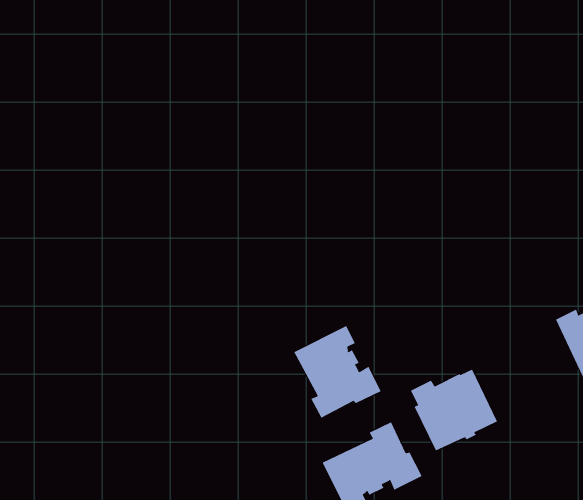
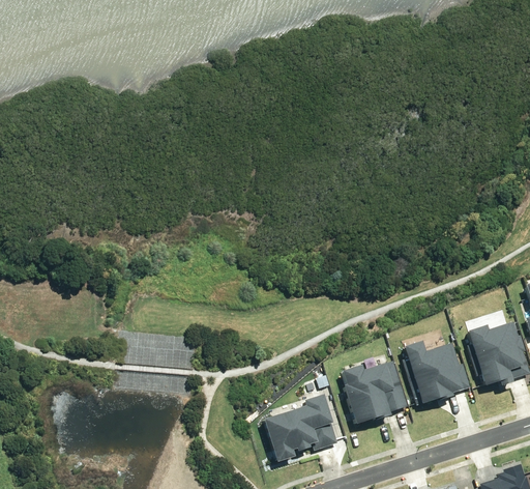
building: [294,325,381,419] -> none
building: none -> [406,340,474,402]

